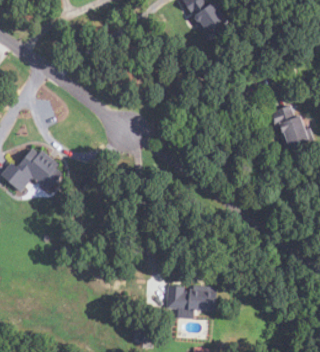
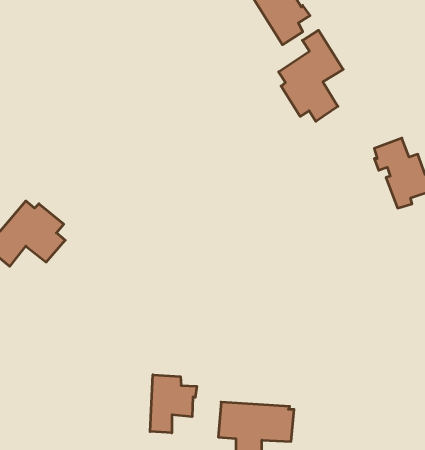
building: none -> [279,30,343,121]
building: none -> [150,375,197,433]

